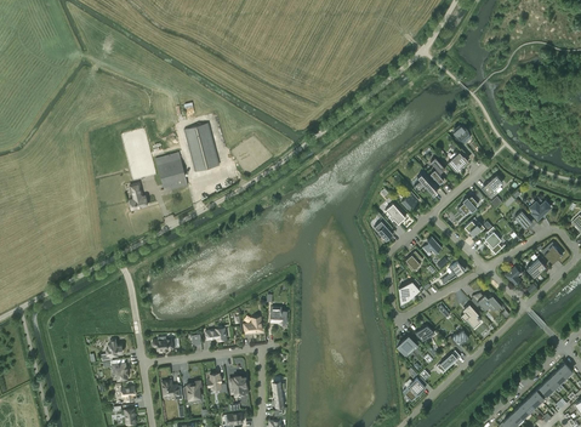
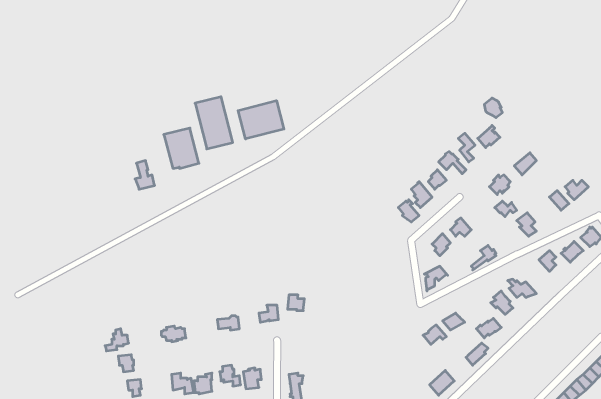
building: none -> [238,101,284,139]

